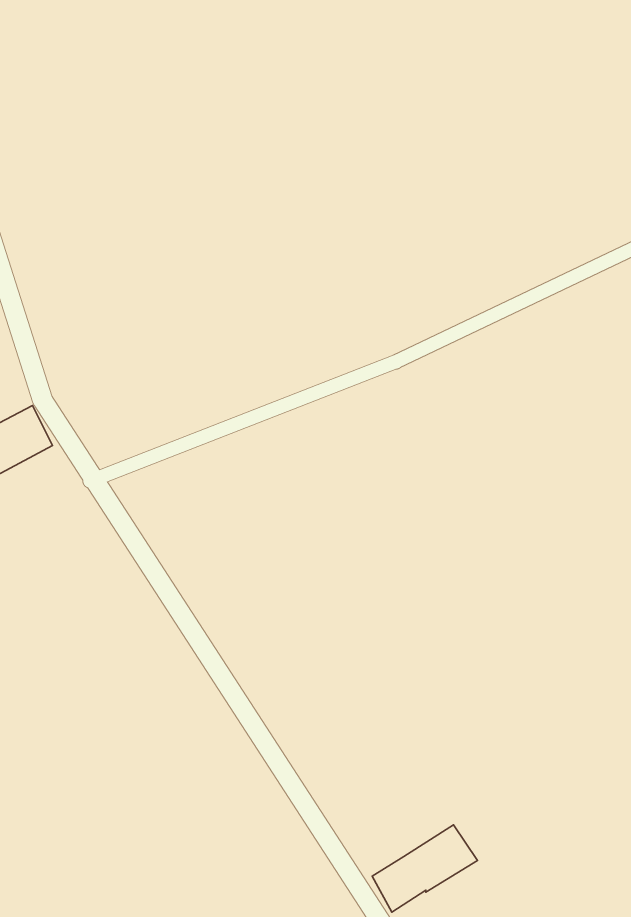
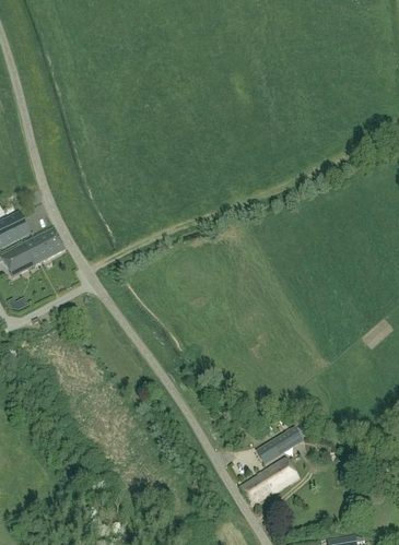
building: none -> [254,426,302,464]

